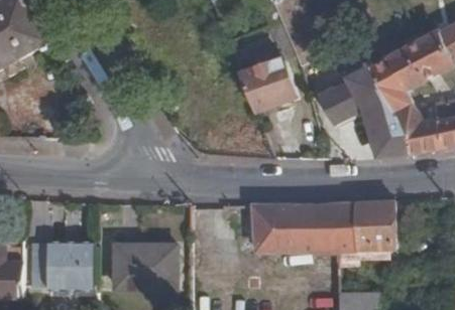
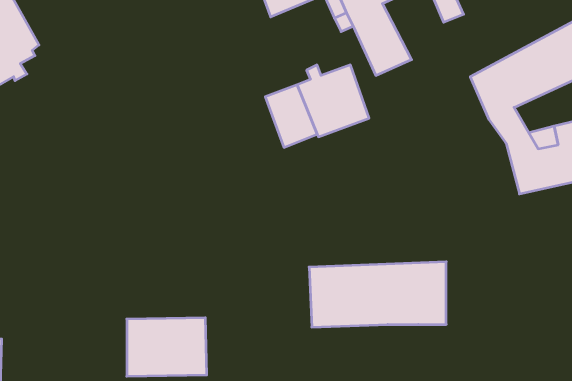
building: [324,63,413,154] -> none
building: [357,201,392,251] -> none
building: [45,243,91,288] -> none

